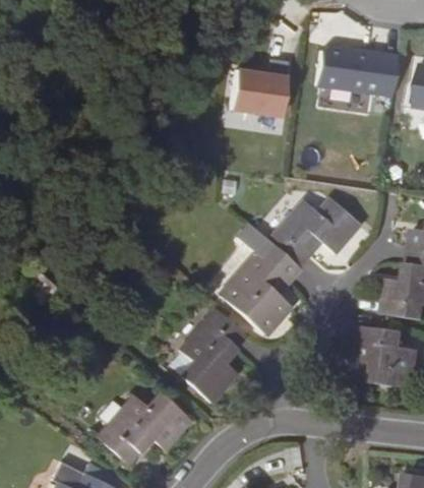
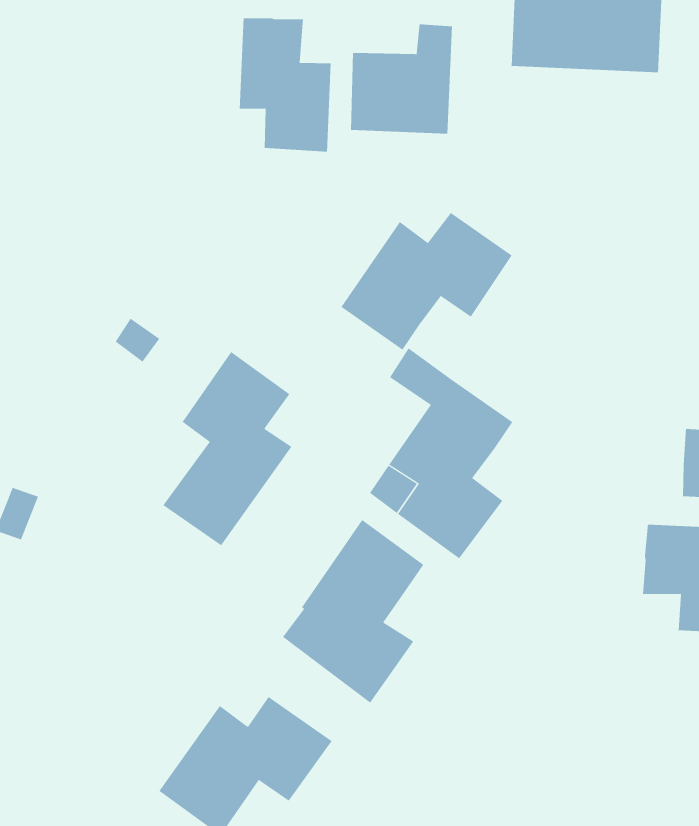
building: none -> [239,18,331,153]
building: [269,199,360,267] -> [341,212,513,350]
building: none -> [163,351,292,546]

